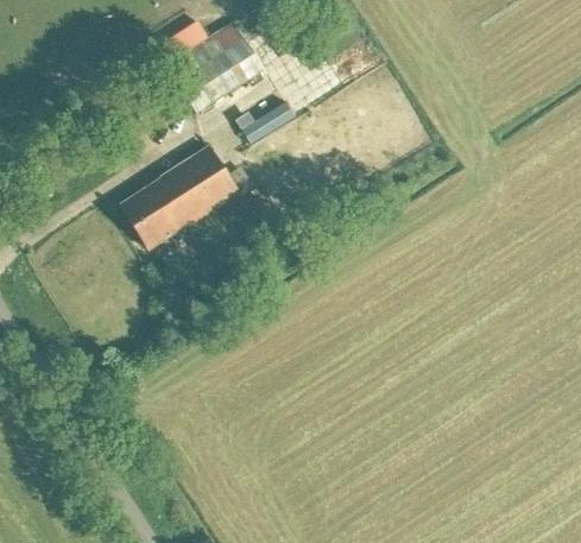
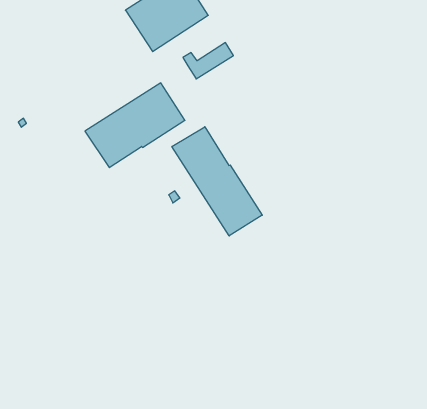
building: none -> [172,127,262,236]

